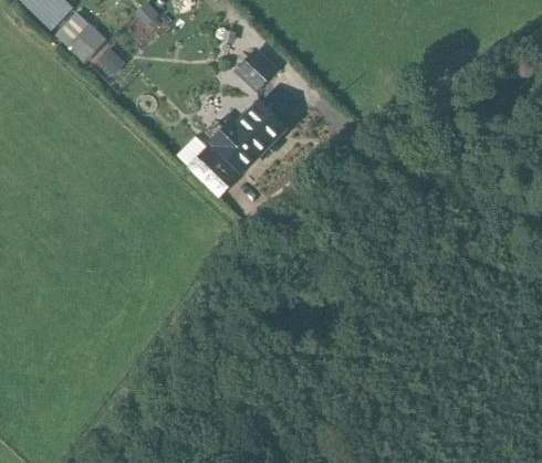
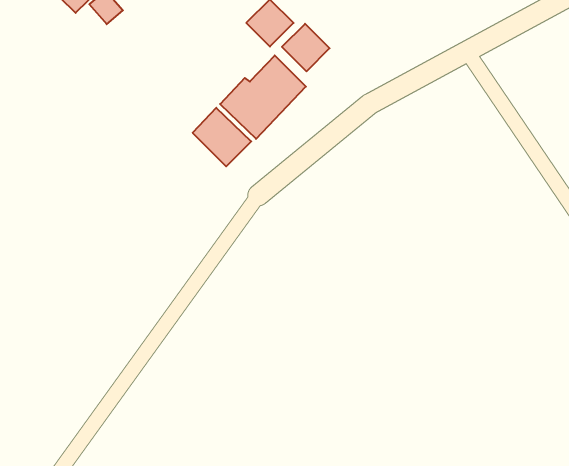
building: none -> [282,24,330,71]

